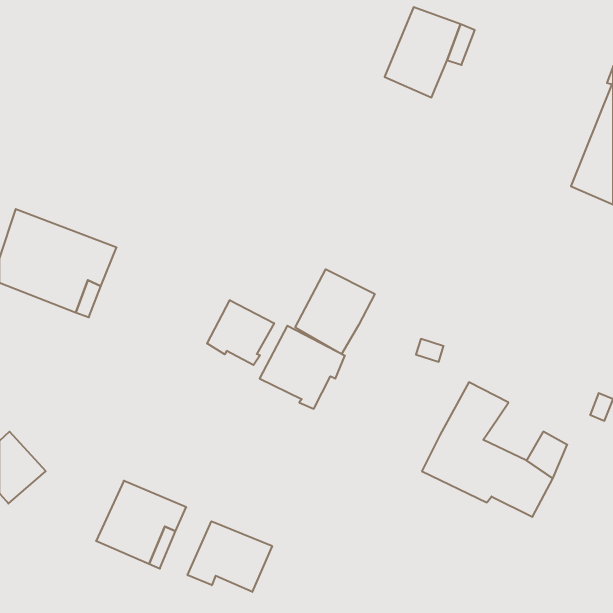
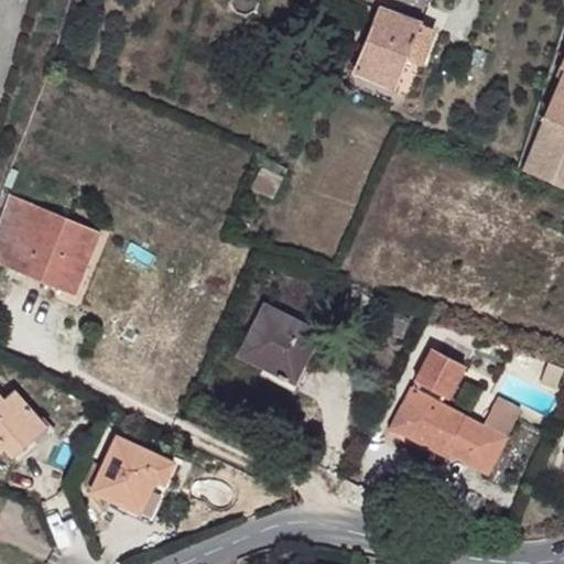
building: [295,269,375,354] -> none
building: [207,300,274,365] -> none
building: [188,521,272,592] -> none

